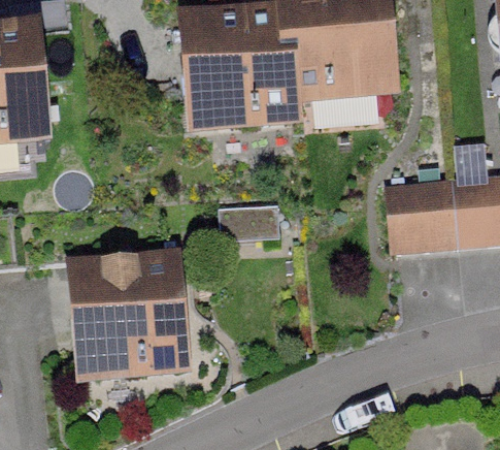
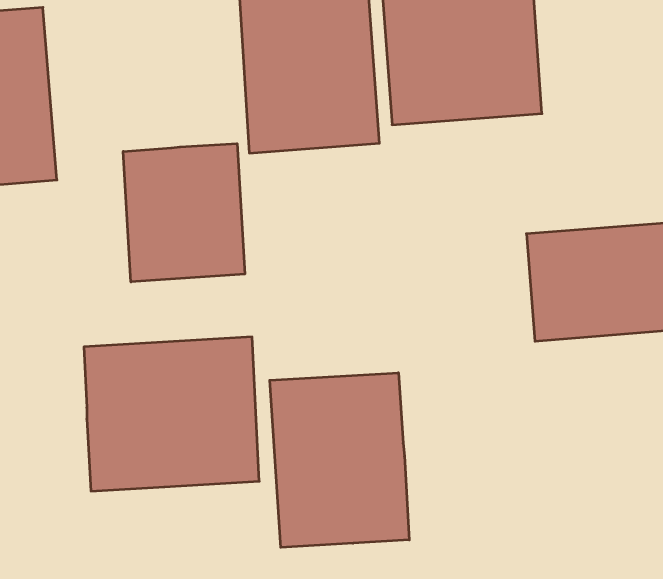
building: none -> [123,144,245,282]
building: none -> [270,373,409,547]

